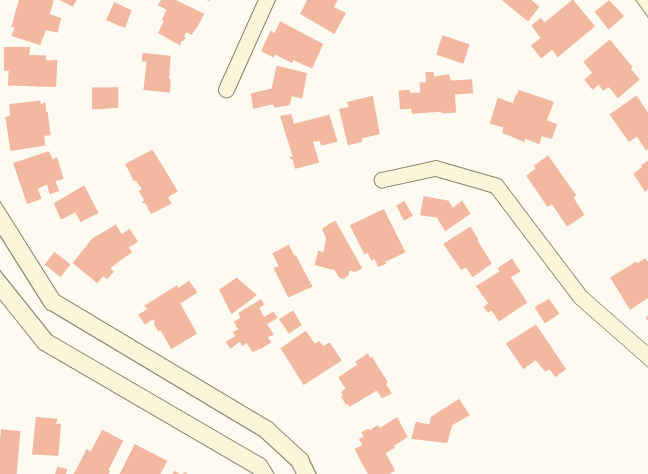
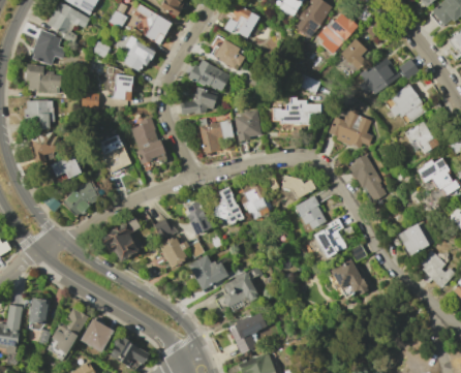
building: none -> [130,117,164,164]
building: [410,398,471,444] -> none

